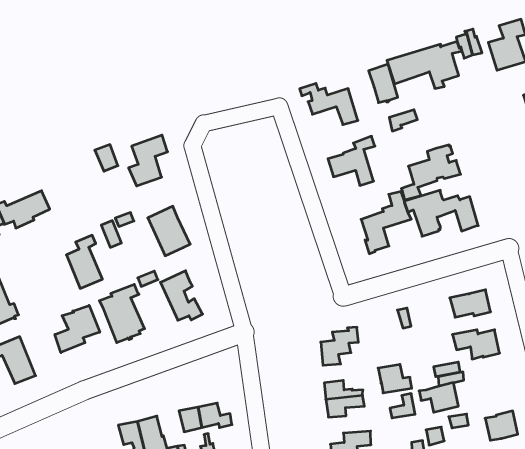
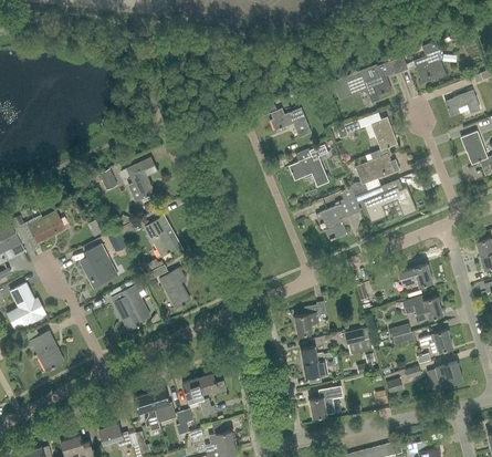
building: [369,64,398,103] -> [371,117,397,149]
building: [55,305,100,353] -> none
building: [419,383,458,412] -> [419,329,452,354]

